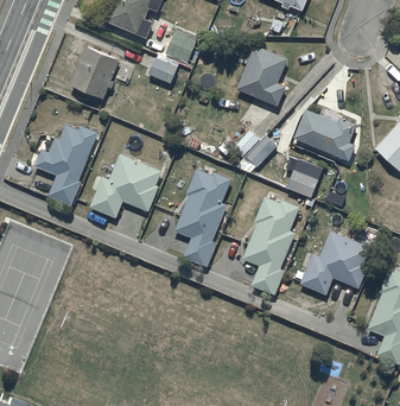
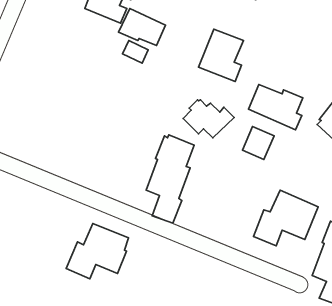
building: [71,45,134,96] -> none
building: [36,123,99,204] -> none
building: [89,153,161,217] -> [66,223,129,279]
building: [243,197,300,294] -> none

